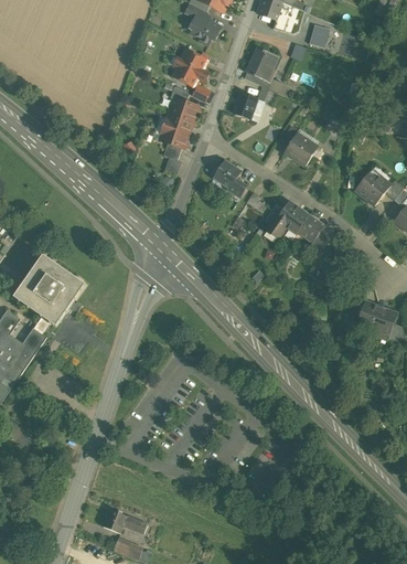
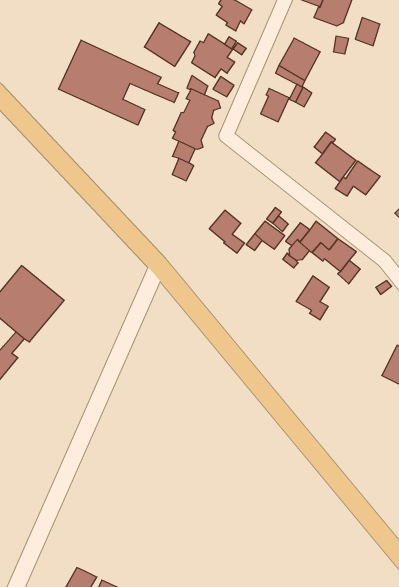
building: none -> [144,23,191,66]
building: none -> [59,40,179,125]
building: none -> [335,161,380,196]
building: [214,161,245,196] -> [209,210,245,253]
building: none -> [296,276,329,320]

